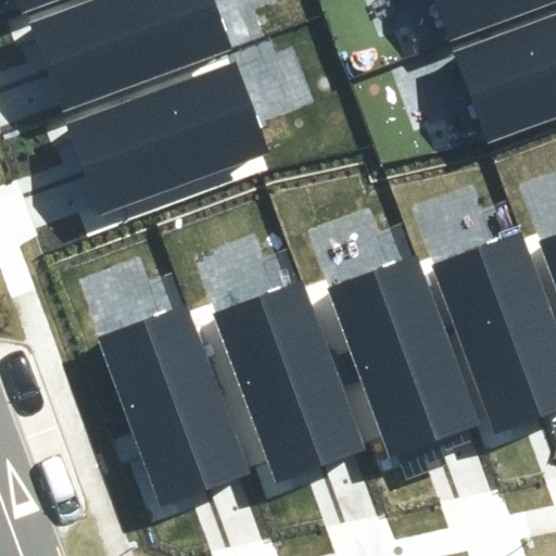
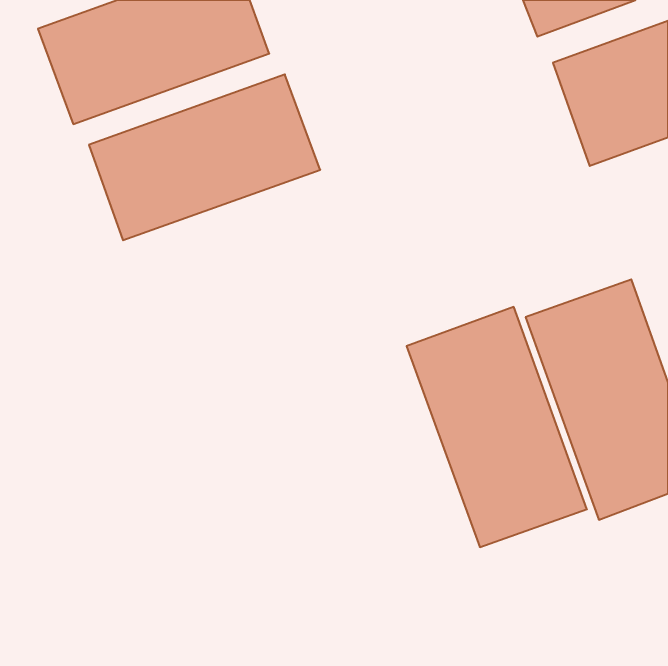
building: [213,280,362,480] -> none
building: [94,306,244,506] -> none

